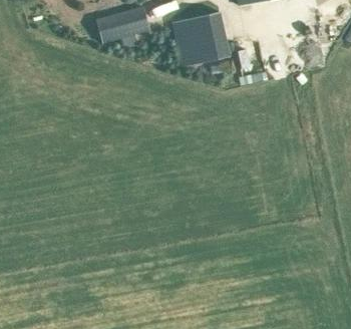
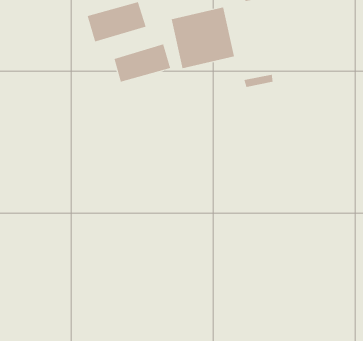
building: none -> [114,43,171,83]

